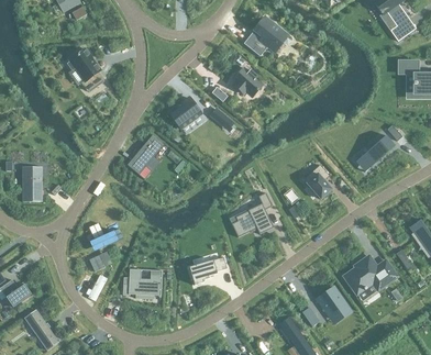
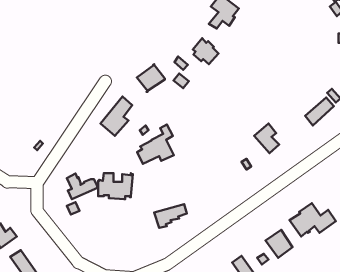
building: [66,47,102,90] -> none
building: [21,166,41,201] -> none
building: [231,191,273,236] -> [137,124,174,164]
building: [122,268,162,298] -> [98,173,133,199]

